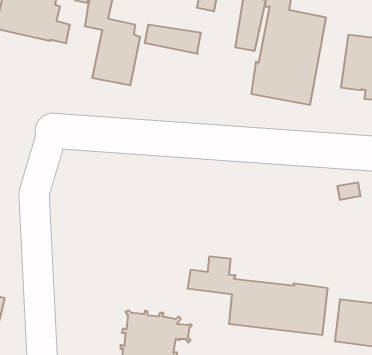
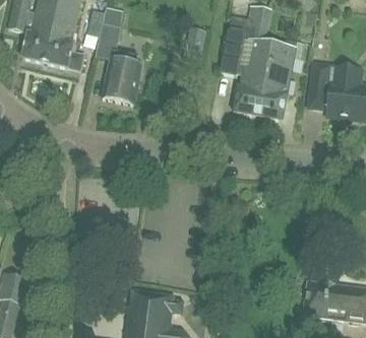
building: [145,25,201,54] -> none
building: [188,256,327,335] -> none

